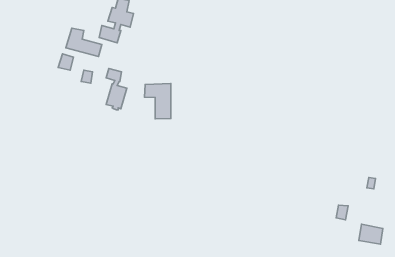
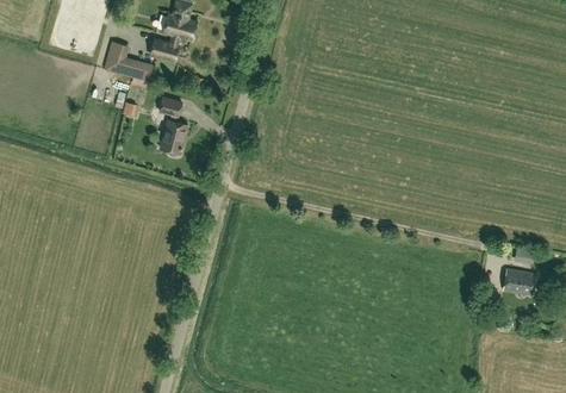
building: [144,84,171,119] -> none
building: [359,224,383,244] -> [502,268,535,295]

